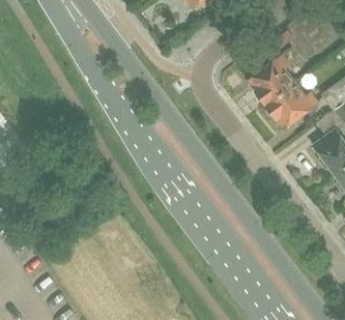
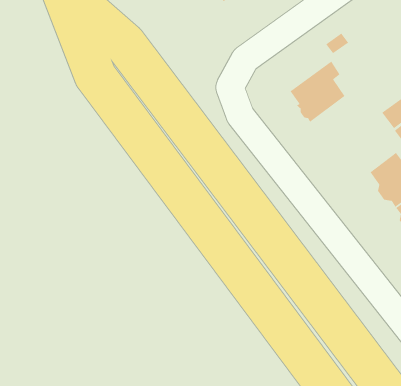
building: [264,83,318,127] -> none

